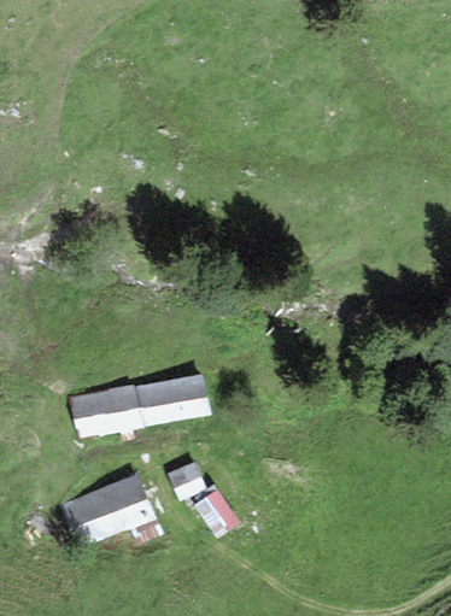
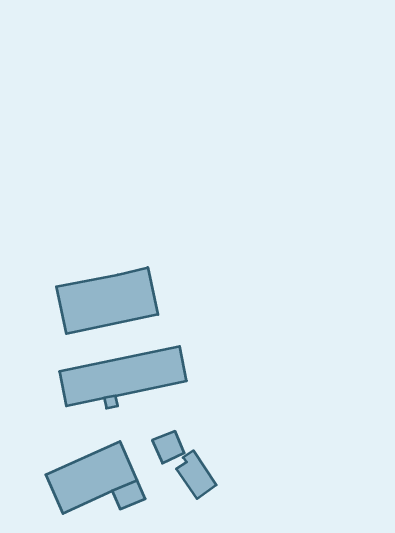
building: none -> [56,267,158,334]

